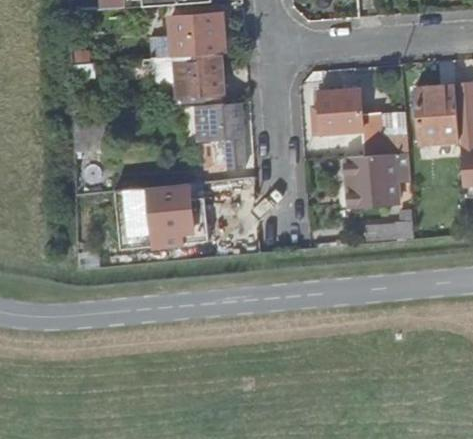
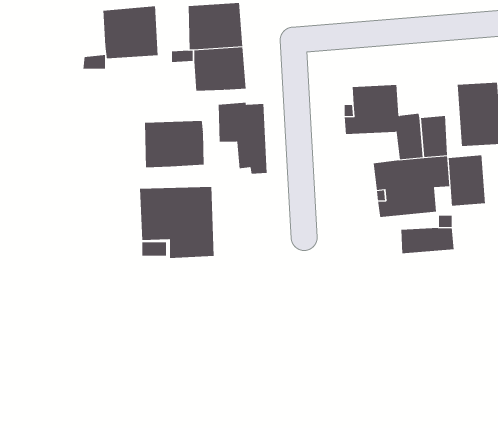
building: none -> [103,5,158,59]
building: none -> [145,120,204,168]
building: none -> [448,154,485,207]

